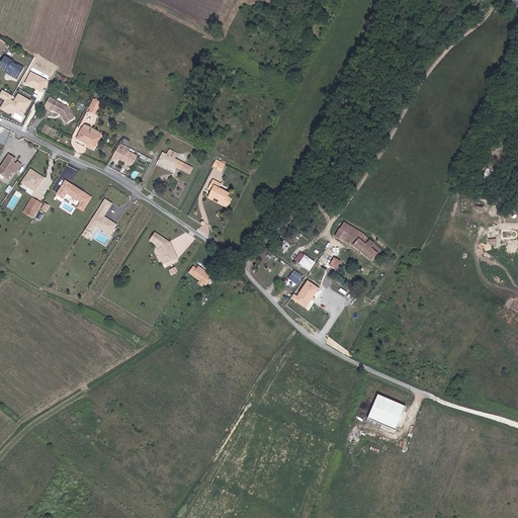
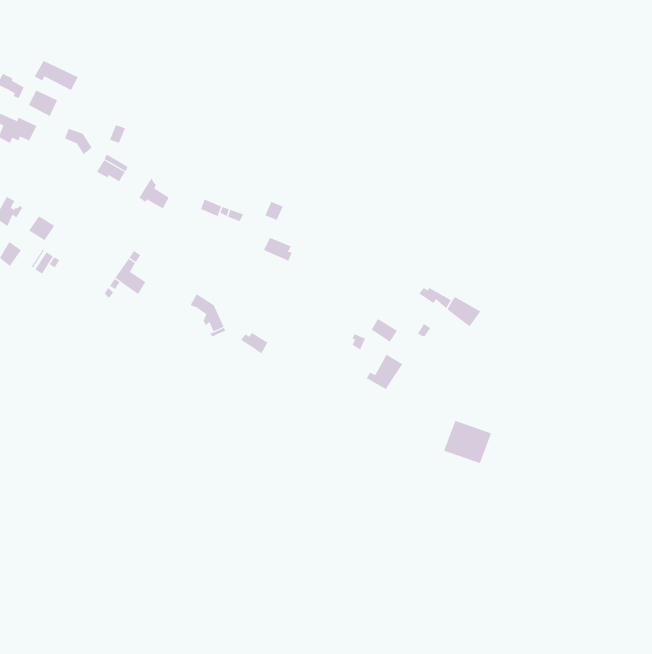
building: none -> [34,60,78,91]
building: [54,180,91,212] -> none
building: [371,388,410,423] -> [443,420,492,464]

